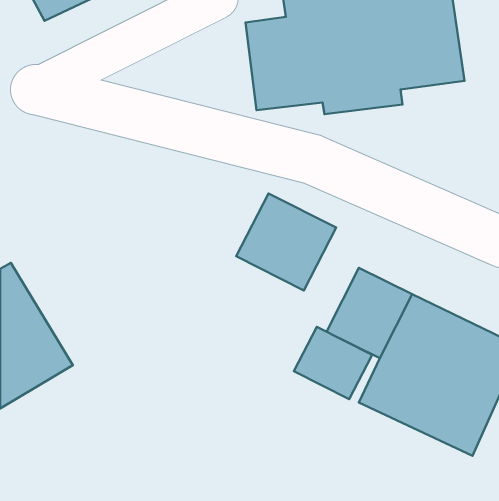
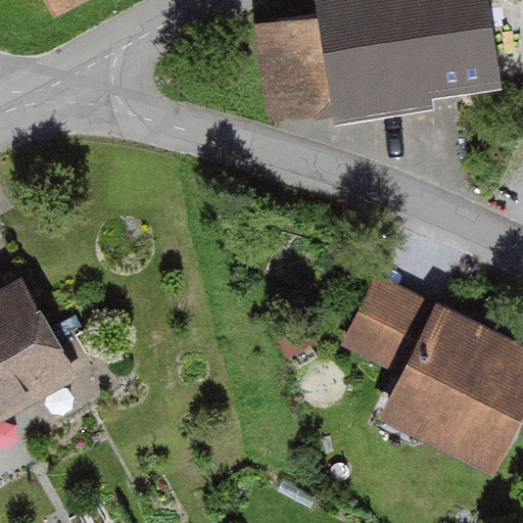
building: [236,193,336,290] -> none
building: [294,327,372,399] -> none

